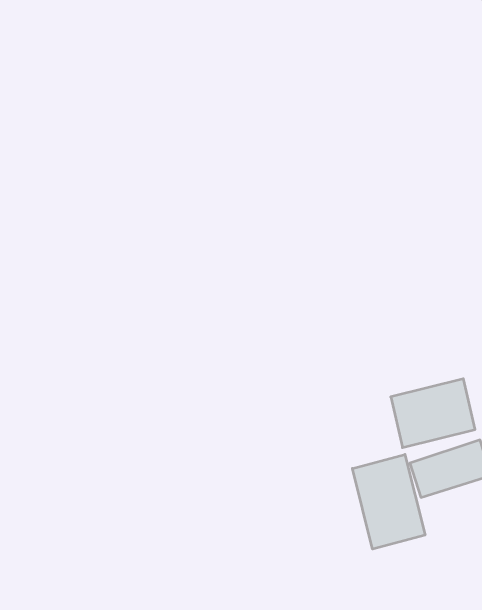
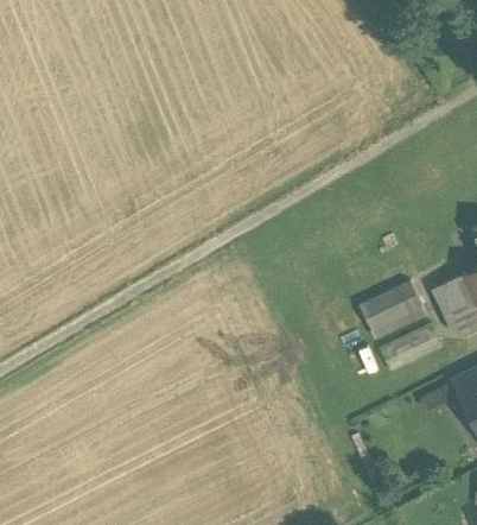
building: [352,454,425,549] -> none

